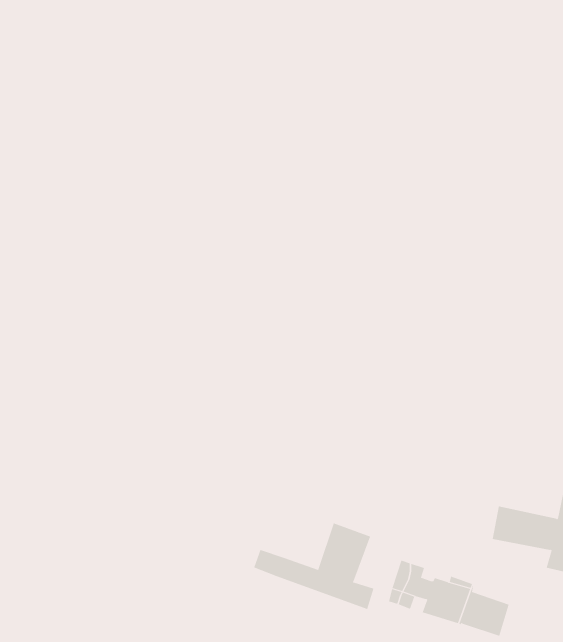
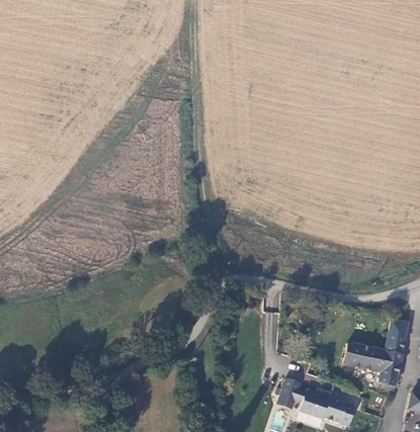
building: [254,522,374,610] -> none

